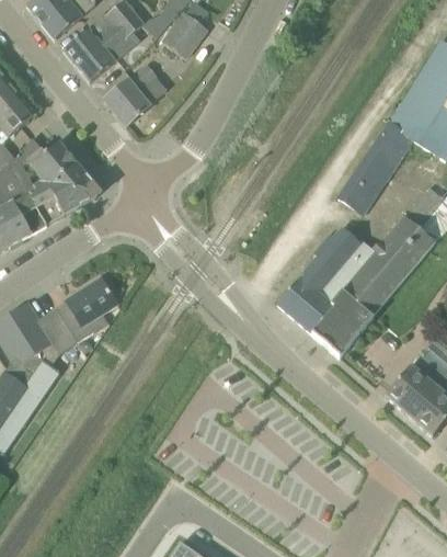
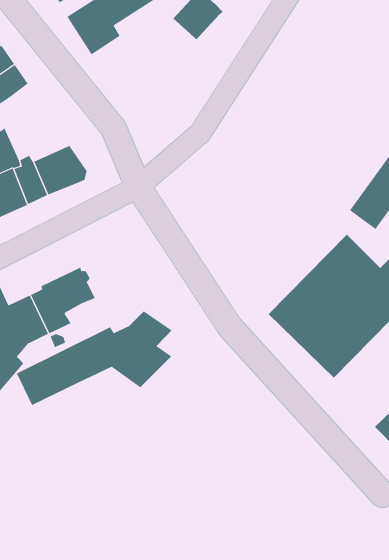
building: [104,62,157,125] -> none
building: [18,137,79,184] -> none
building: none -> [16,310,172,406]

